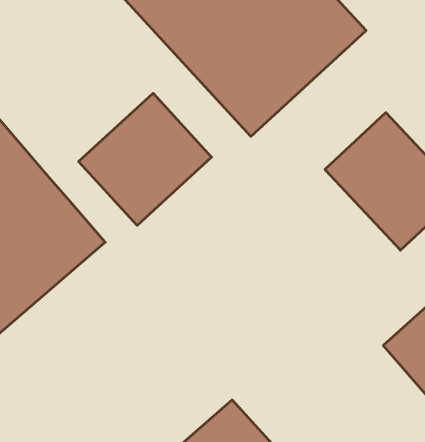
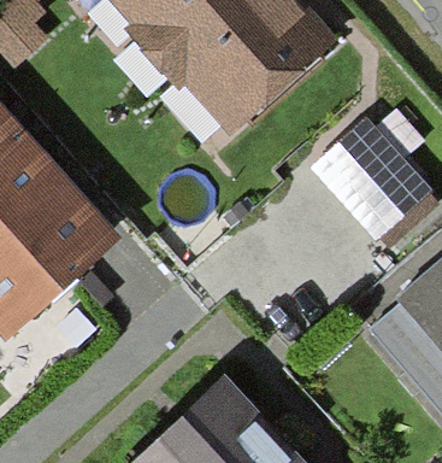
building: [79,93,212,225] -> none

